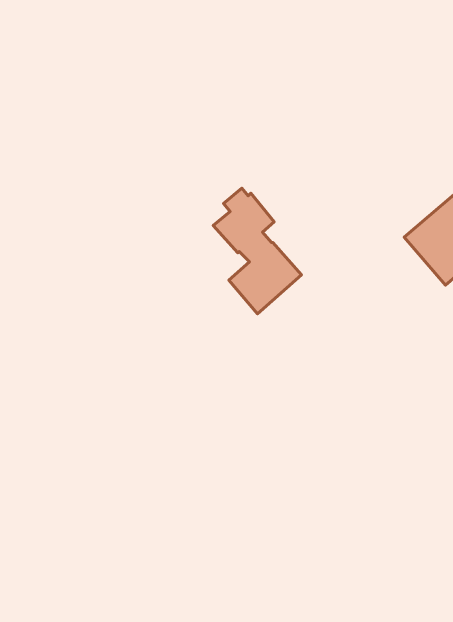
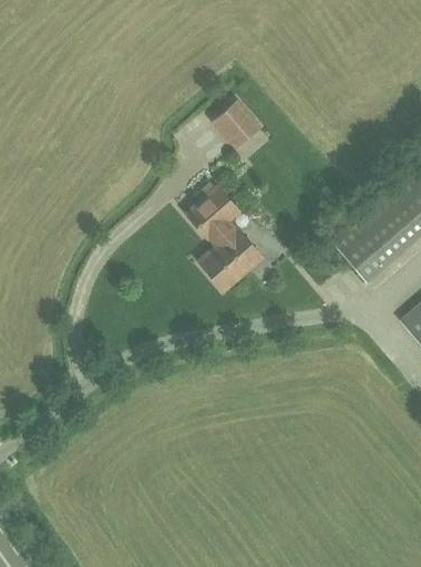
building: none -> [215,103,258,147]
building: none -> [332,226,384,281]

